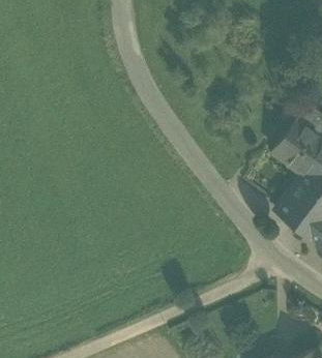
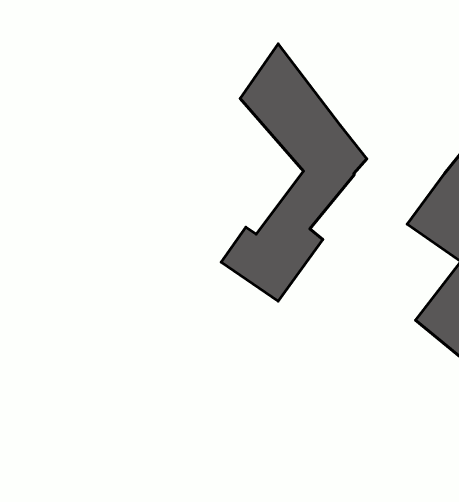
building: none -> [221,44,367,301]

